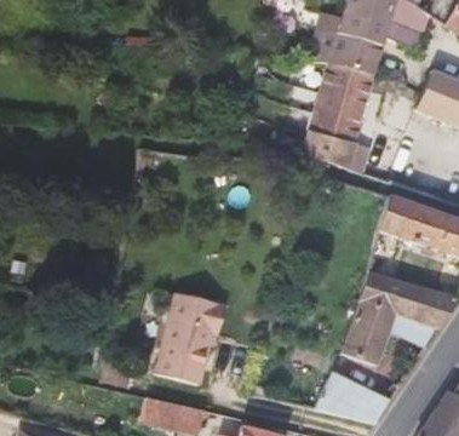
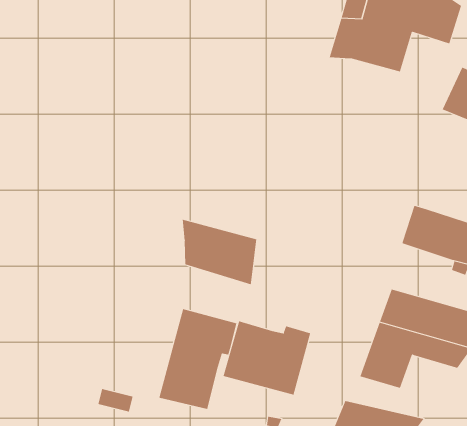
building: [300,63,377,176] -> none
building: none -> [182,219,257,285]
building: none -> [223,321,311,396]

